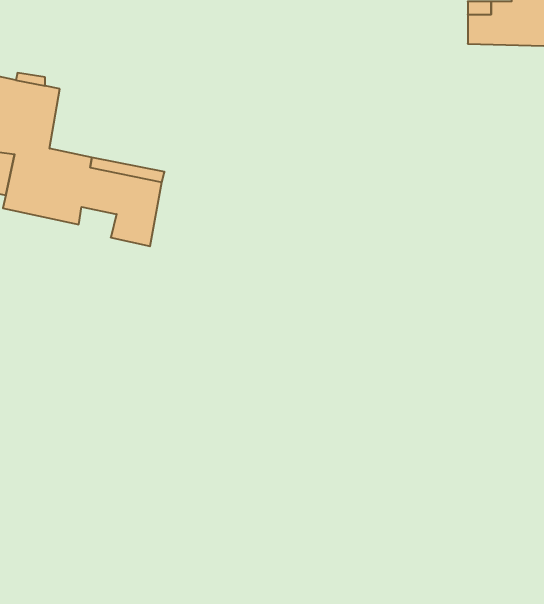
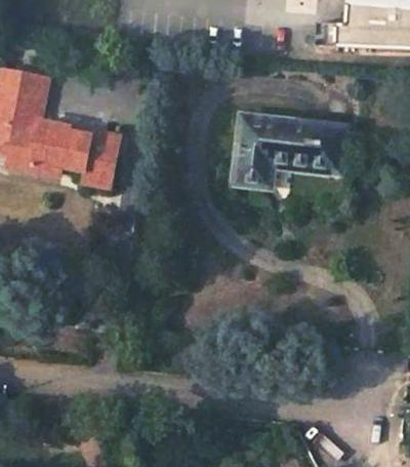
building: none -> [232,118,342,188]

